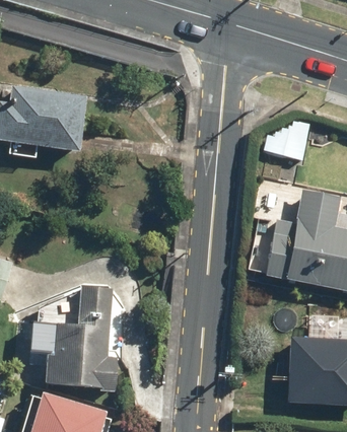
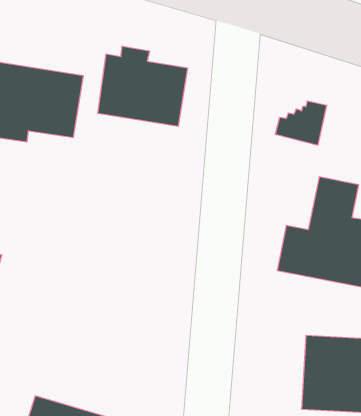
building: none -> [98,46,187,126]
building: [28,286,119,387] -> none

